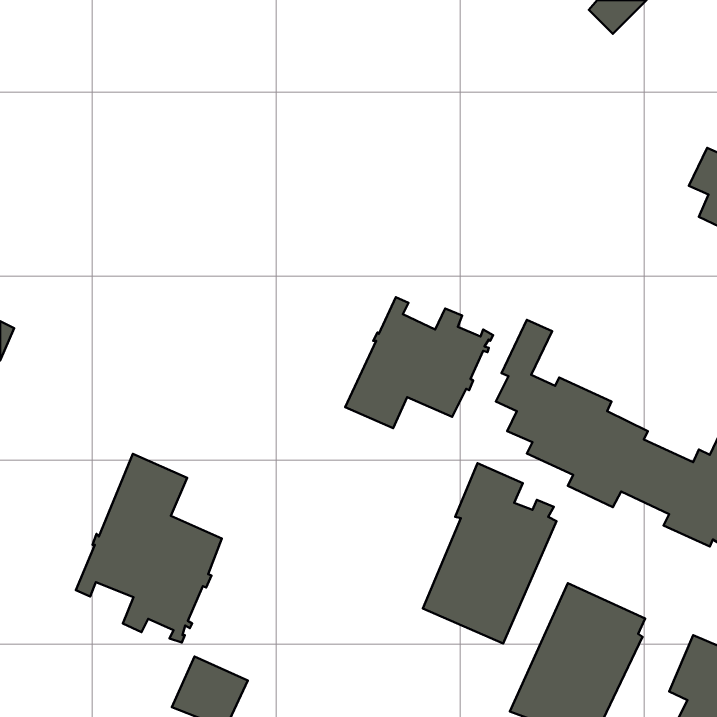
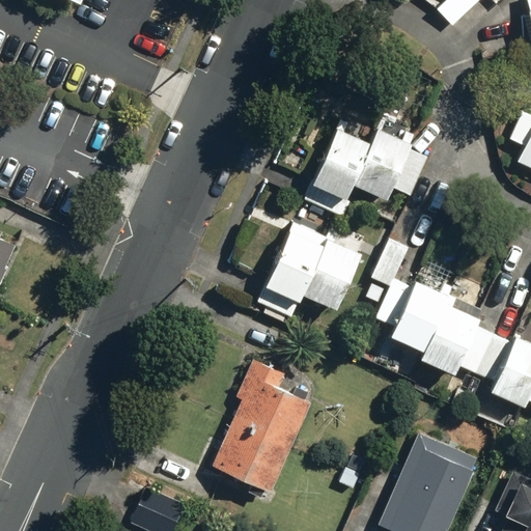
building: none -> [305,120,427,217]
building: [76,454,222,642] -> none
building: [423,463,557,644] -> [213,359,311,492]

